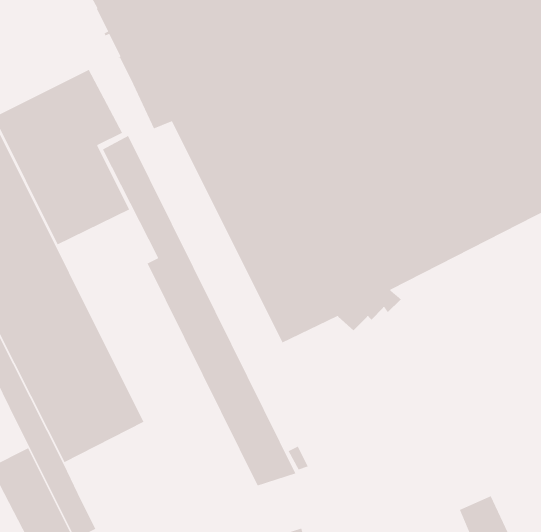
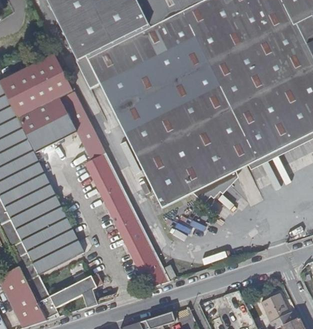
building: none -> [49,273,101,307]

